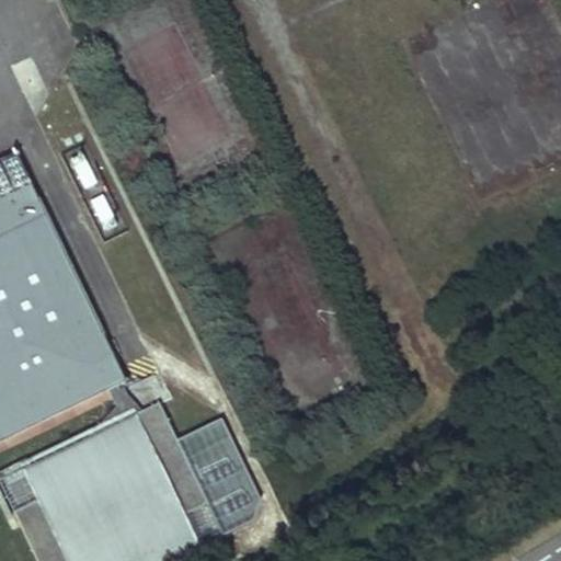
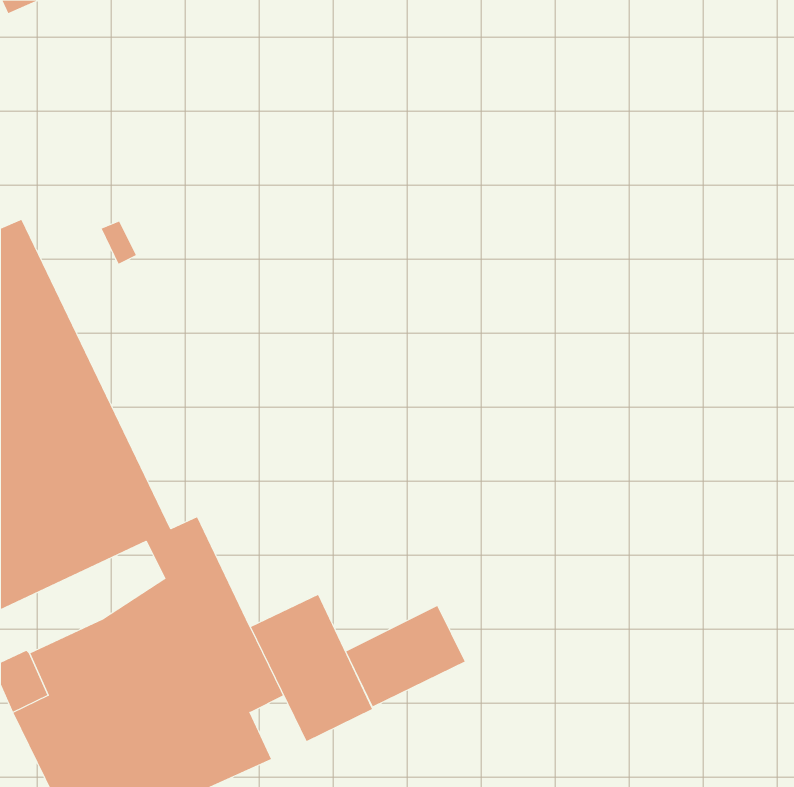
building: none -> [346,605,466,707]
building: [176,495,216,540] -> none

